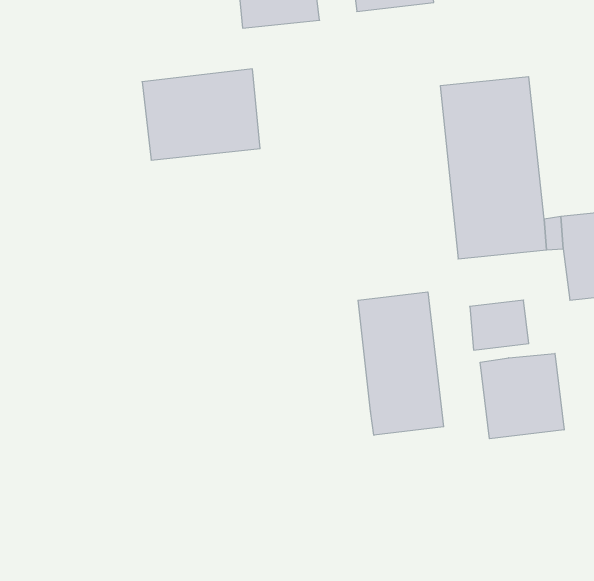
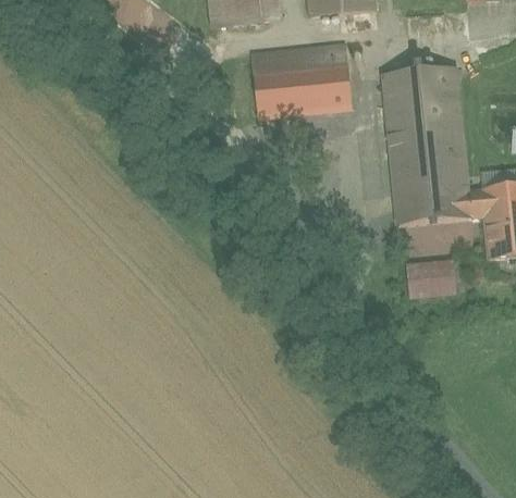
building: [142,69,260,160] -> [251,41,352,119]
building: [358,292,444,435] -> none
building: [480,353,564,439] -> none

